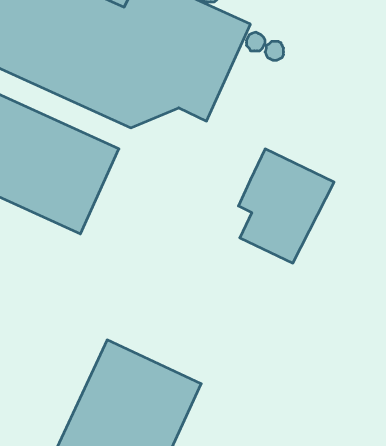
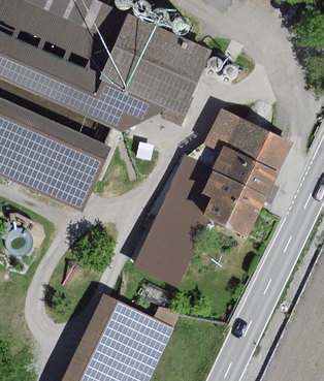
building: none -> [205,107,291,172]
building: none -> [136,158,213,280]

